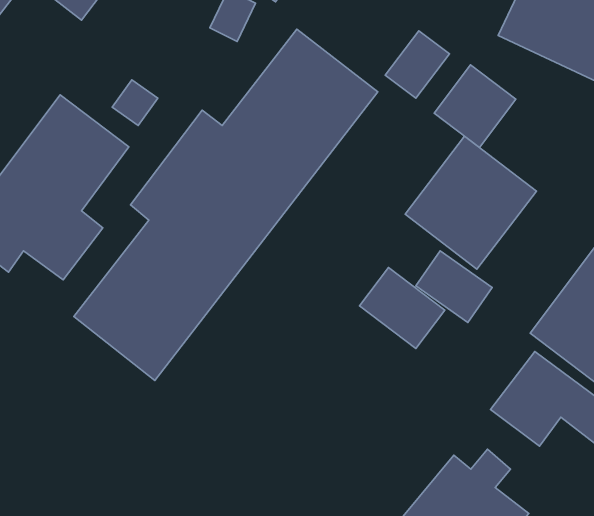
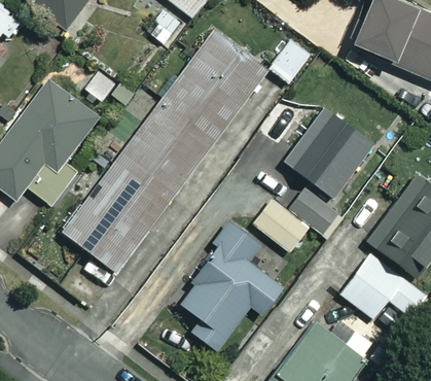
building: [434,65,516,147] -> none
building: none -> [177,223,280,351]

